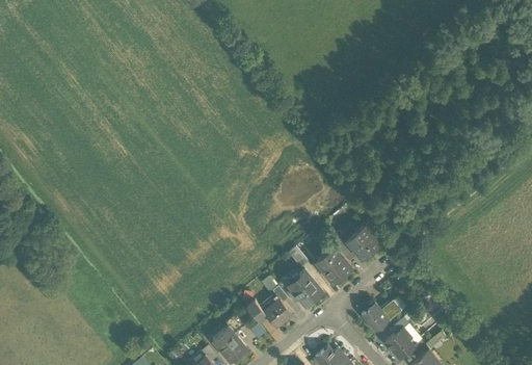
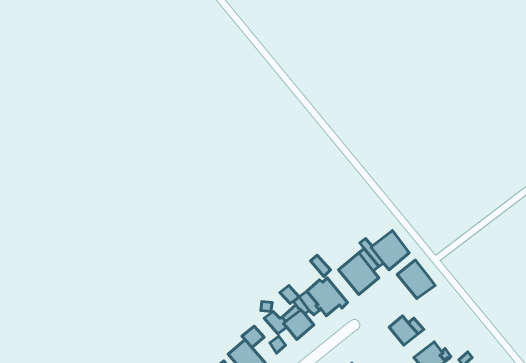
building: none -> [397,260,435,299]

